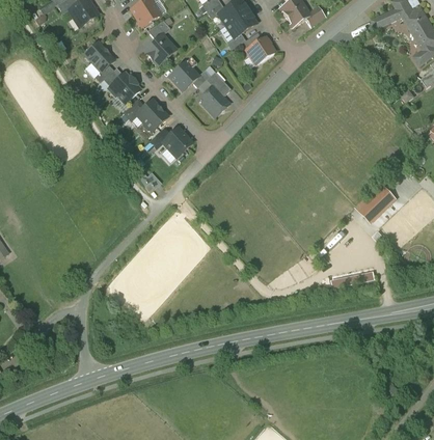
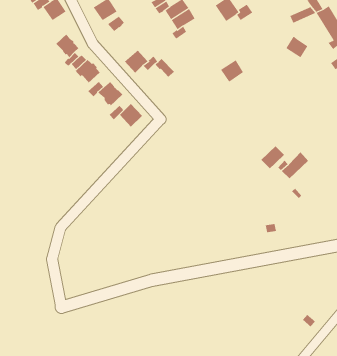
building: [144,34,174,64] -> none
building: [245,36,274,64] -> [220,60,244,82]
building: none -> [285,36,308,58]
building: [198,85,228,116] -> none
building: none -> [260,146,285,169]

